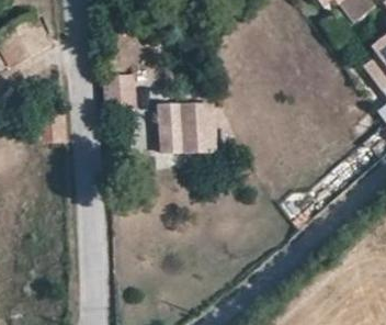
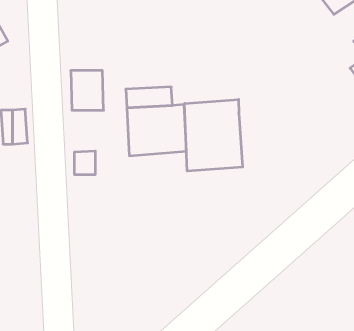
building: none -> [185,99,243,171]

